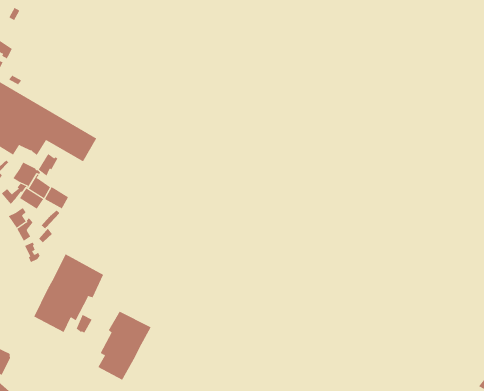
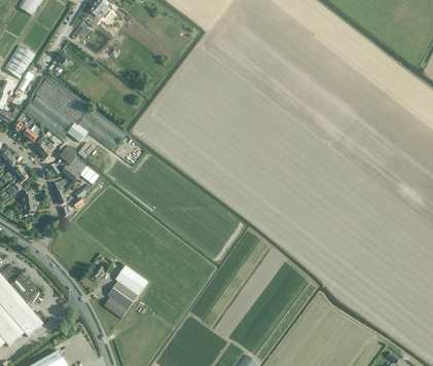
building: [34,254,104,333] -> none

